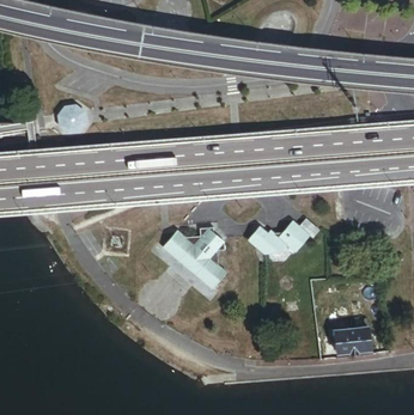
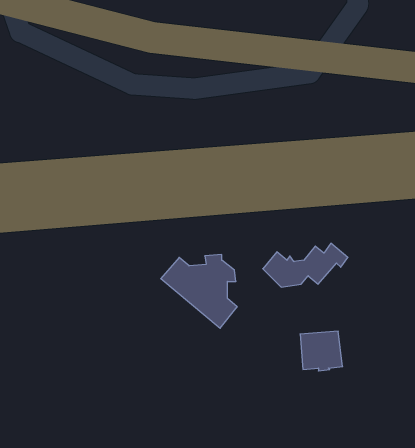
building: [335,321,371,354] -> [300,331,343,371]

